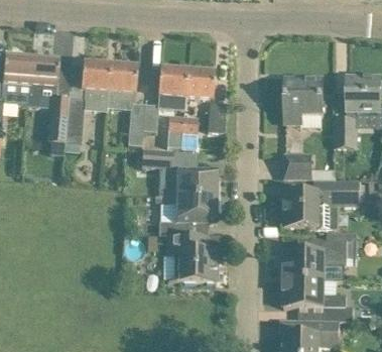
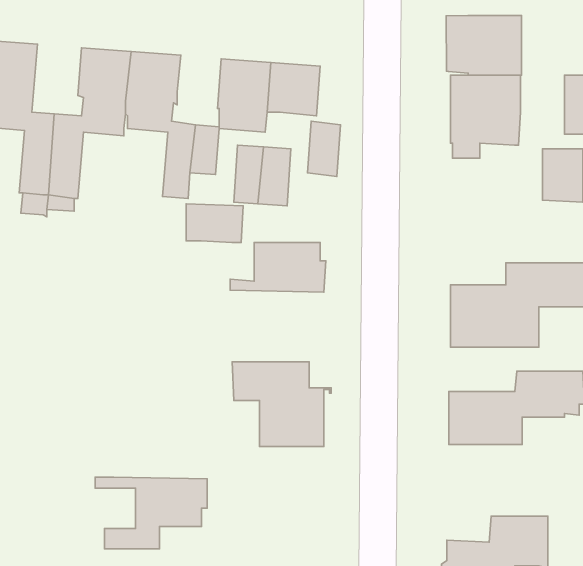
building: none -> [446,15,522,75]
building: [285,152,311,177] -> none
building: [154,194,216,233] -> [95,477,207,549]
building: [284,278,354,318] -> none

